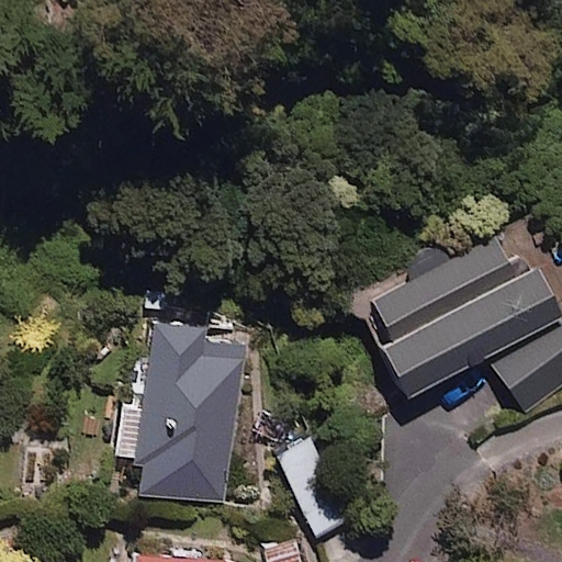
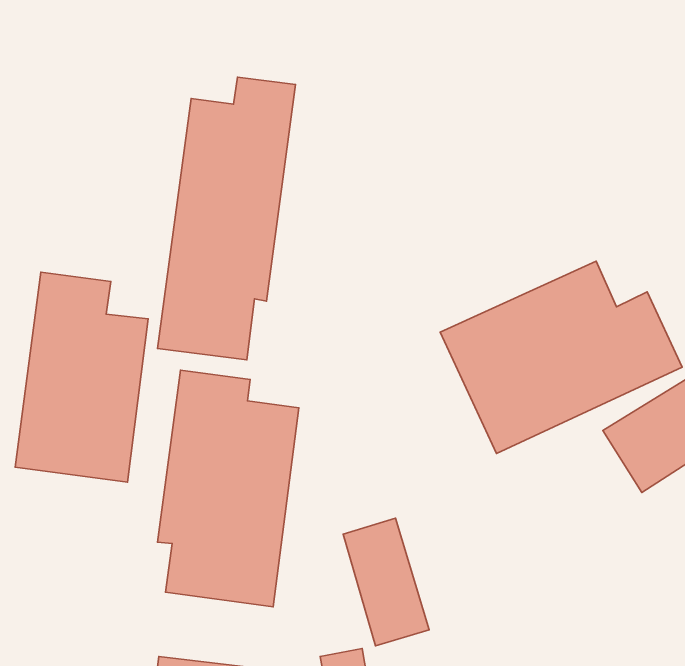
building: none -> [157,77,295,360]
building: none -> [15,272,148,482]

